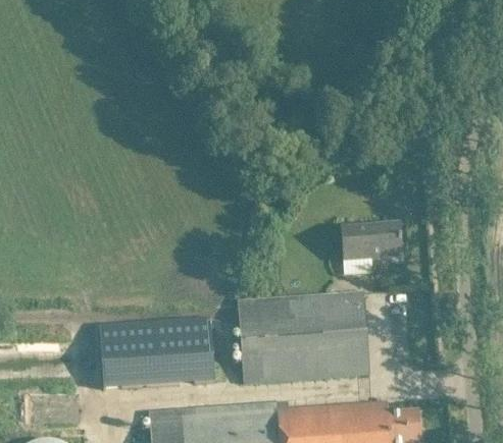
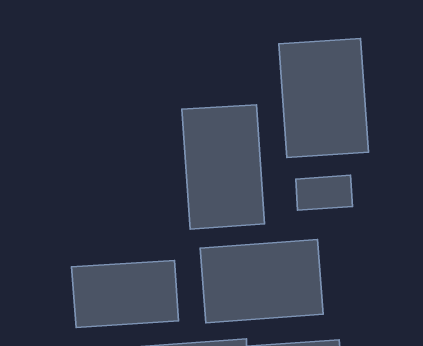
building: none -> [279,38,368,157]
building: none -> [182,105,265,229]

